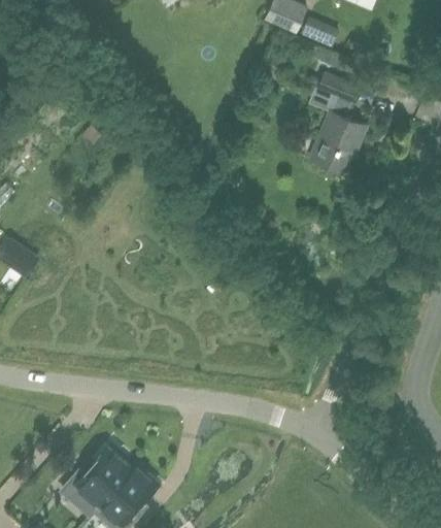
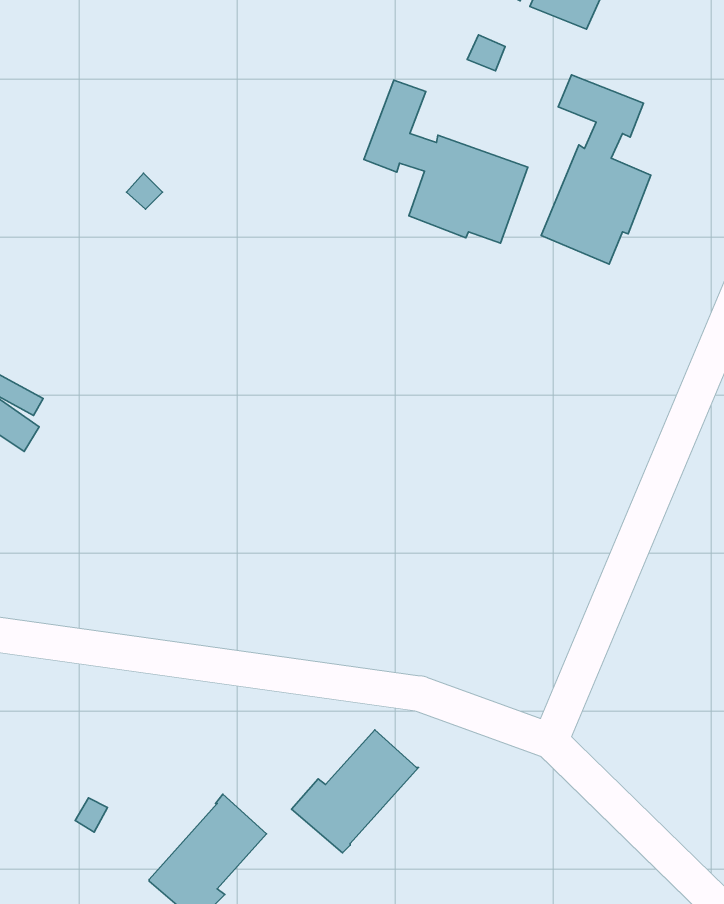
building: none -> [364,80,528,243]
building: [61,449,130,516] -> [292,730,418,853]

